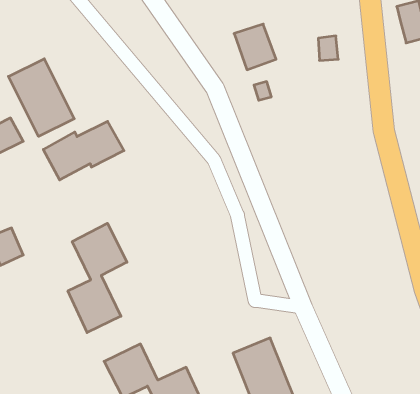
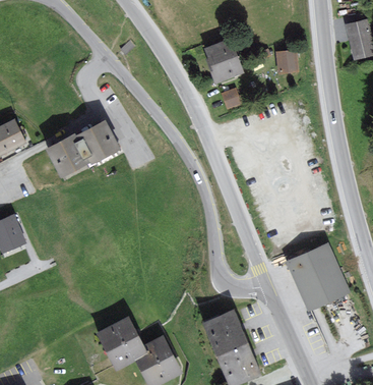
building: [8,59,74,136] -> none
building: [68,223,127,333] -> none
building: none -> [286,246,348,311]

